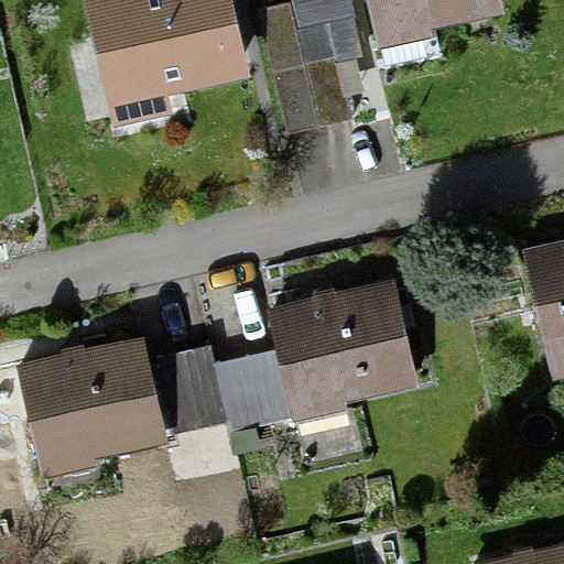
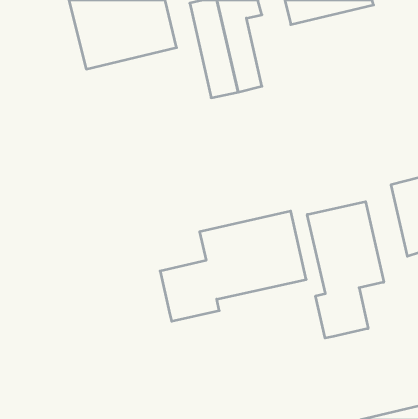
building: none -> [307,202,384,338]
building: [22,339,165,460] -> none
building: [160,343,229,431] -> none

